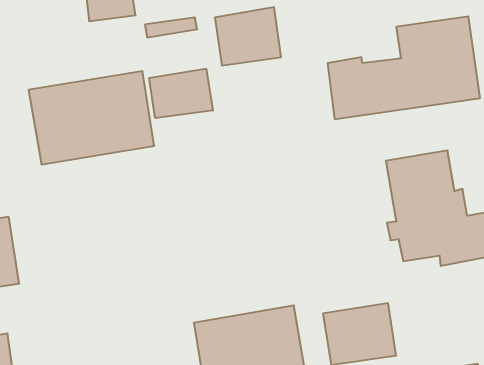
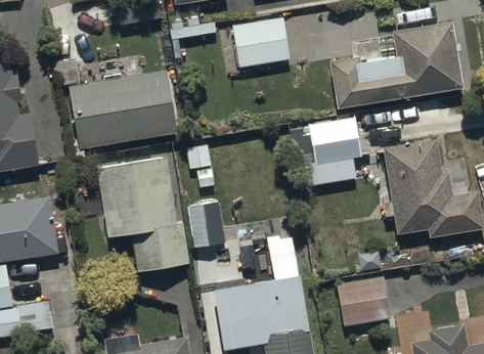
building: [149,69,213,118] -> none
building: none -> [308,116,360,185]
building: none -> [95,154,189,272]
building: none -> [184,198,225,250]

